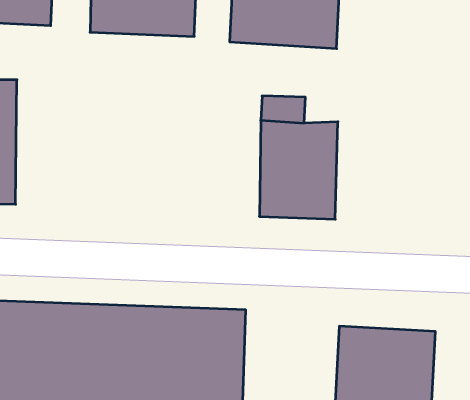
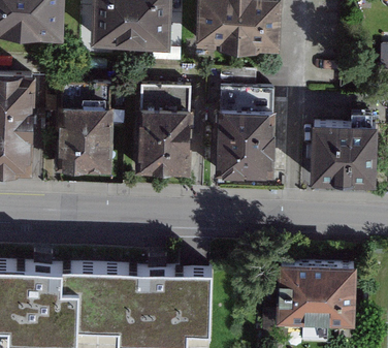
building: none -> [61,87,115,177]
building: none -> [135,90,186,178]
building: none -> [315,124,377,188]

